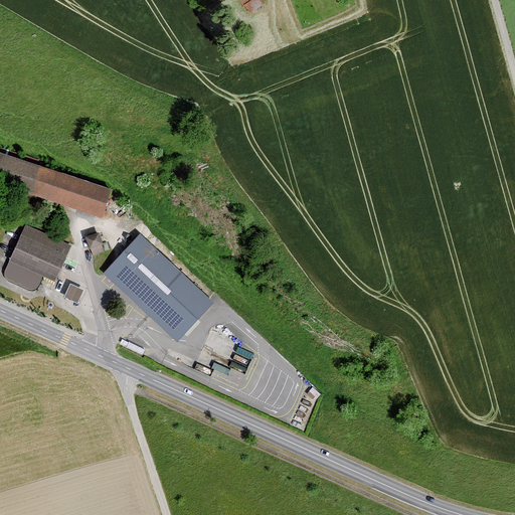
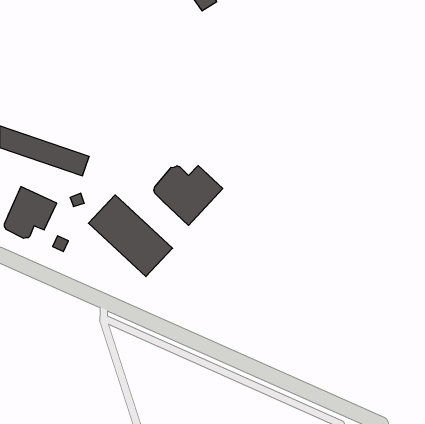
building: none -> [154,166,223,225]

